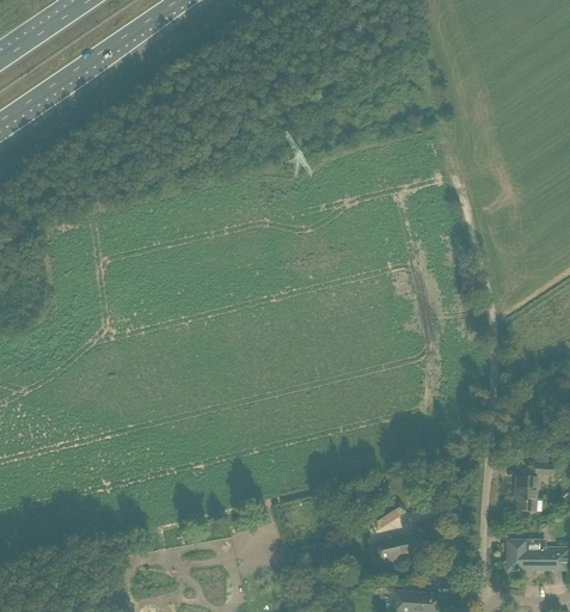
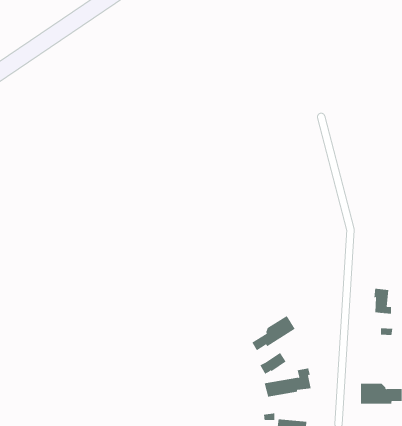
building: none -> [251,315,296,351]
building: [516,481,541,516] -> [374,288,392,314]

